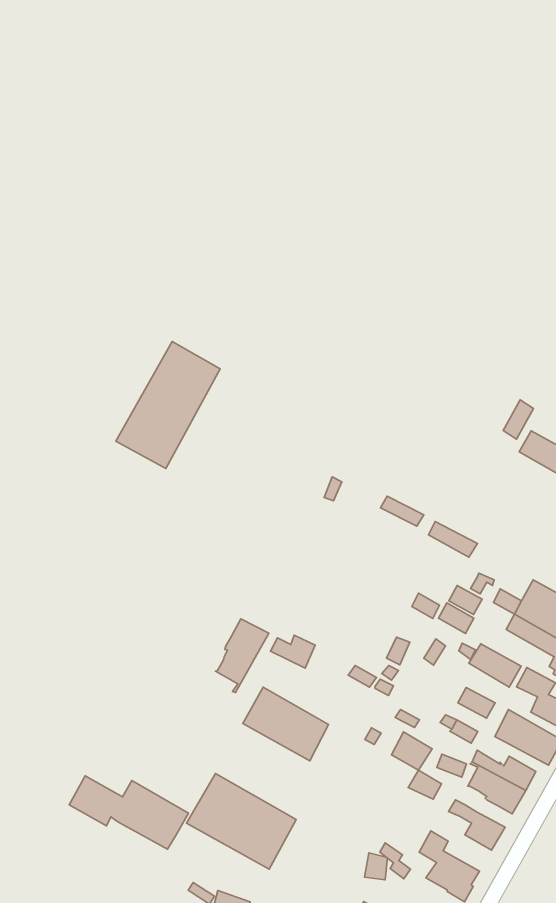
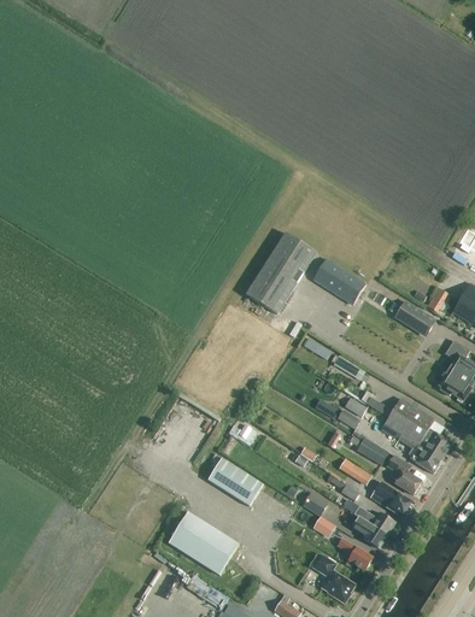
building: [116,341,220,468] -> [246,231,316,313]
building: none -> [312,257,365,302]
building: [216,619,269,692] -> none
building: [69,776,188,849] -> none

